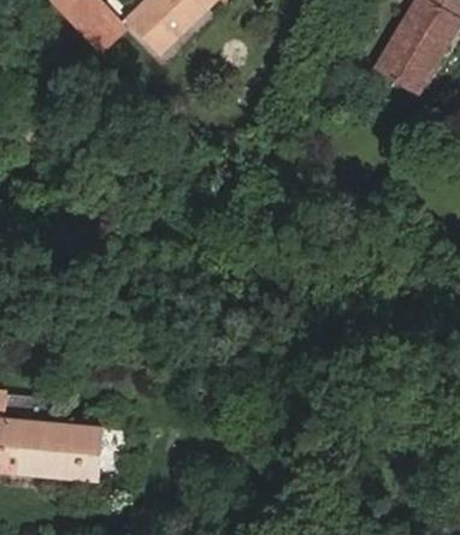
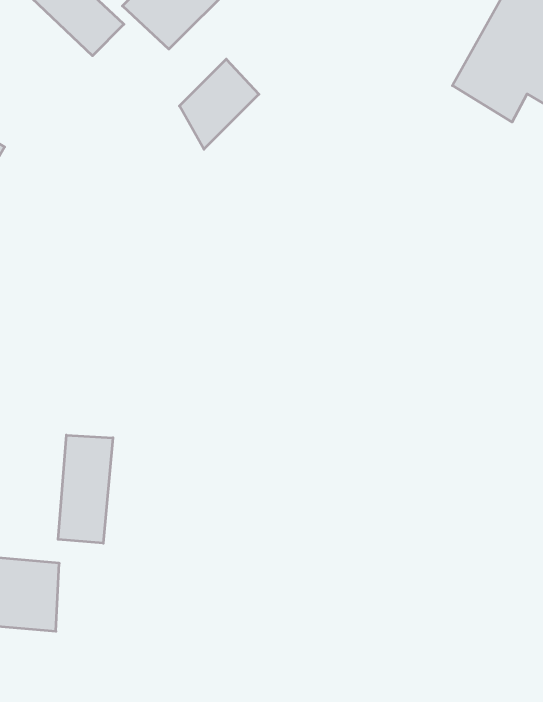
building: none -> [179,59,259,149]
building: none -> [58,435,113,543]

